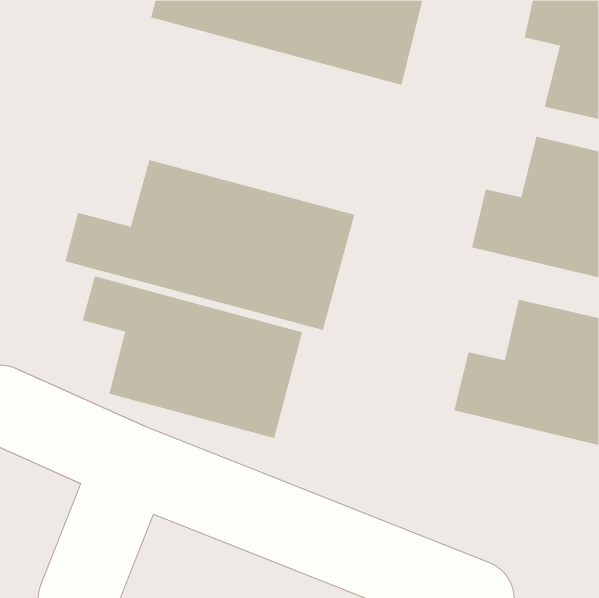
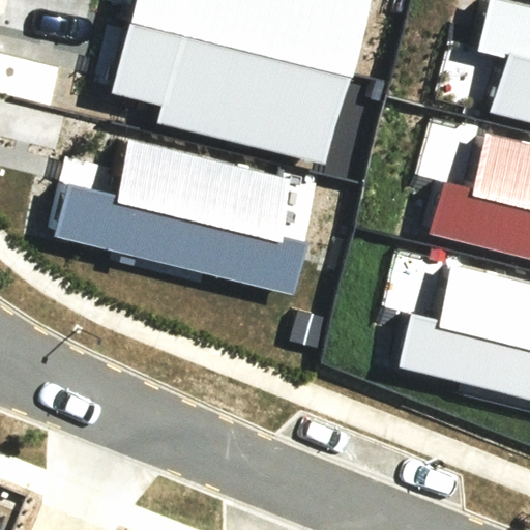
building: none -> [113,17,355,168]
building: [82,276,303,439] -> none

